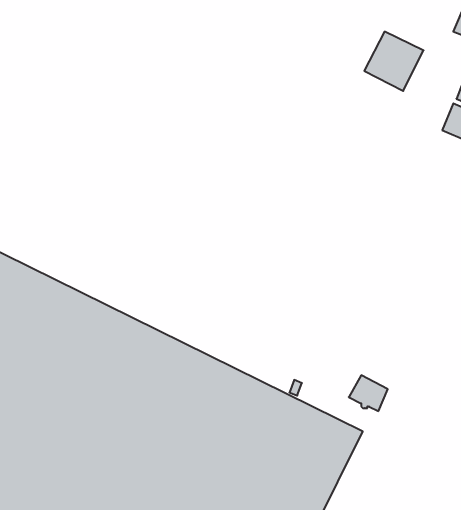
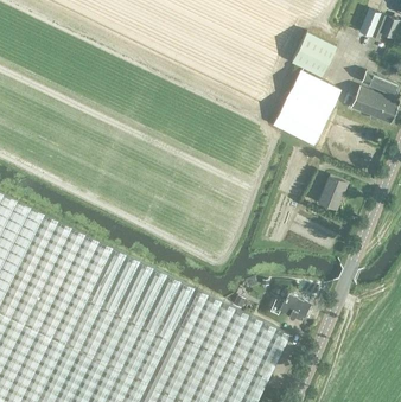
building: none -> [272,70,340,145]
building: none -> [318,176,346,209]

